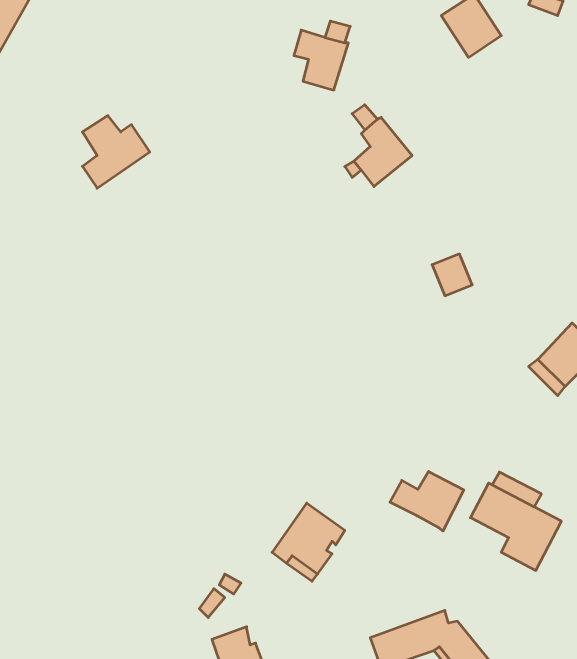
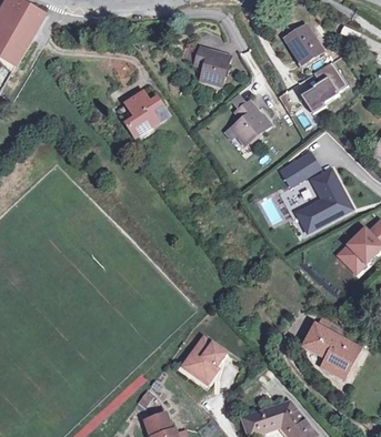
building: none -> [305,60,347,111]
building: [82,116,150,188] -> [127,92,168,136]
building: none -> [281,153,318,185]
building: none -> [297,167,352,231]
building: [390,471,464,531] -> none

